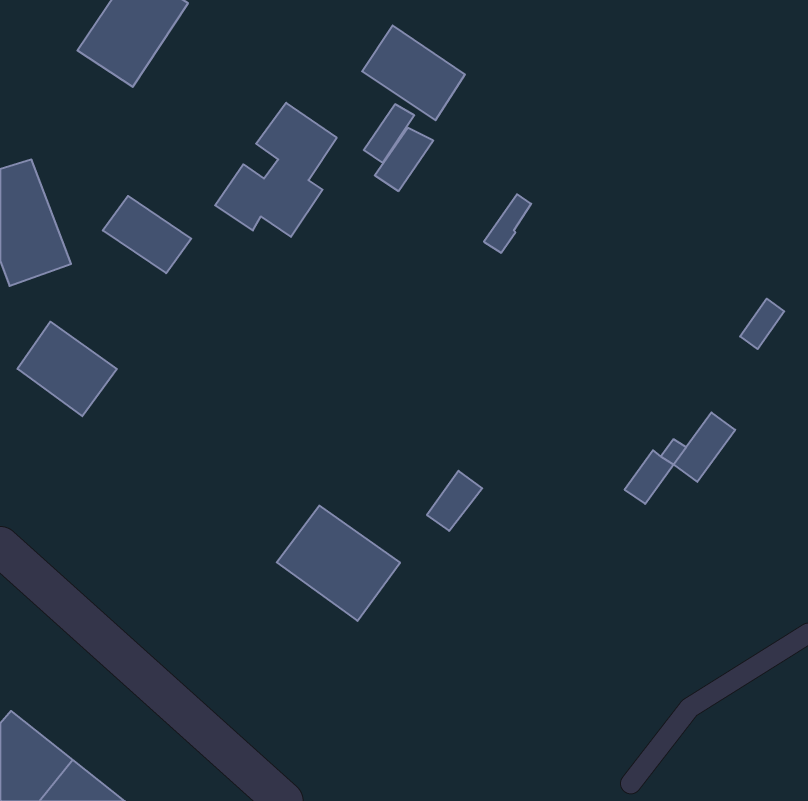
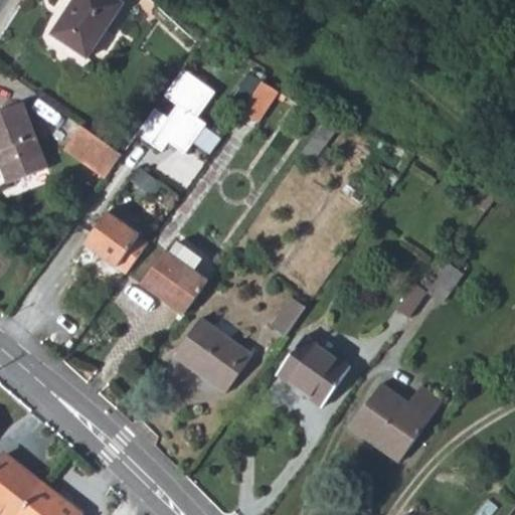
building: [362,25,465,120] -> none
building: [17,322,117,416] -> [82,211,146,272]
building: none -> [137,236,206,313]
building: none -> [278,337,350,408]
building: none -> [350,385,442,464]

